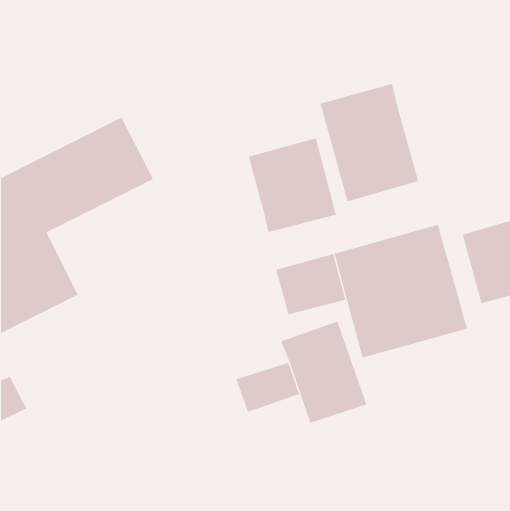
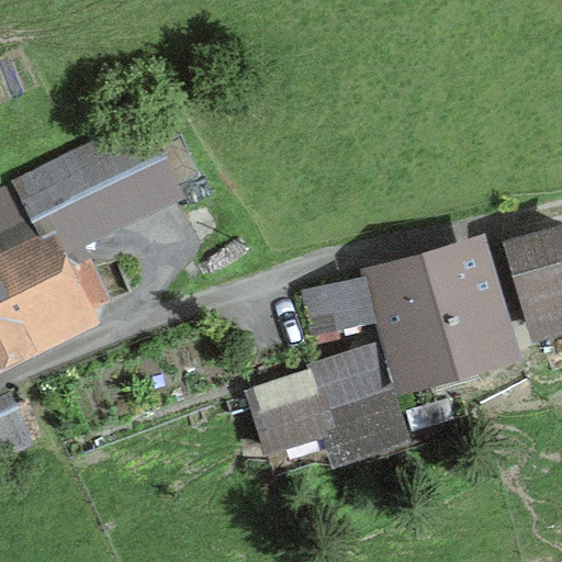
building: [320,83,419,202] -> none
building: [248,138,336,233] -> none

